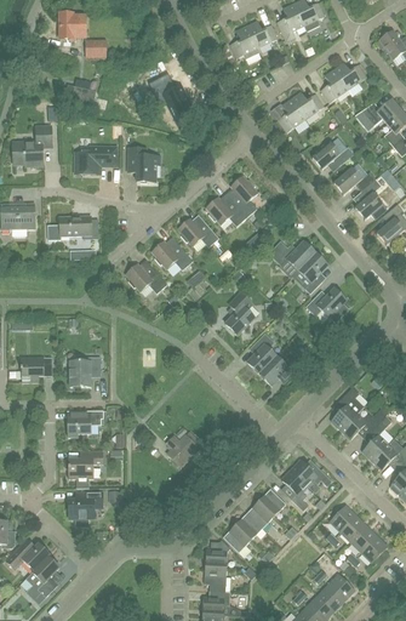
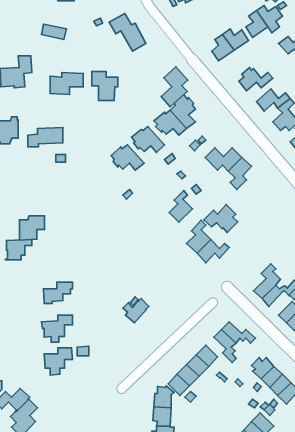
building: none -> [161,67,188,107]
building: [125,258,167,292] -> none
building: [305,286,348,321] -> [204,205,238,233]
building: [69,355,101,386] -> [19,216,45,240]

